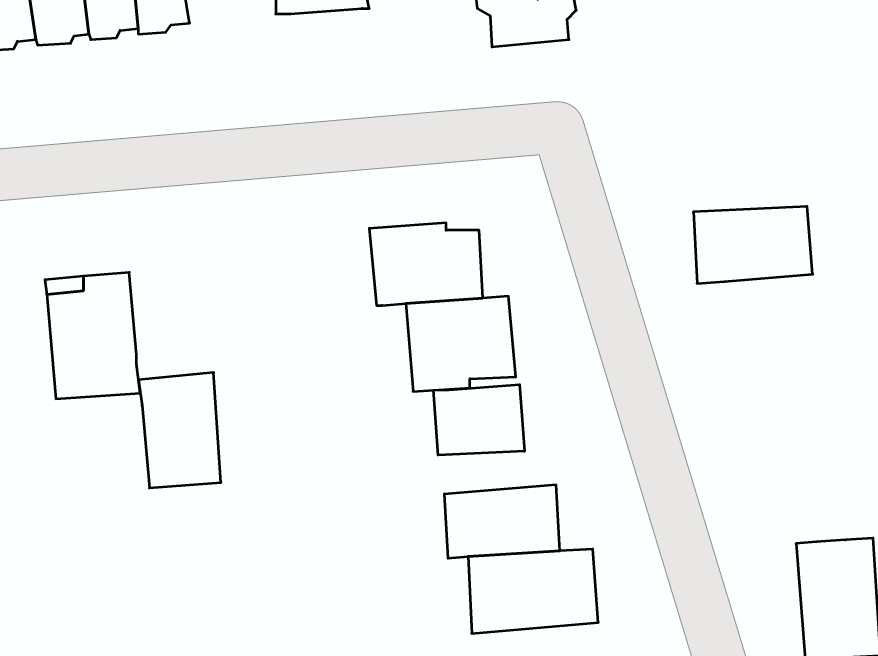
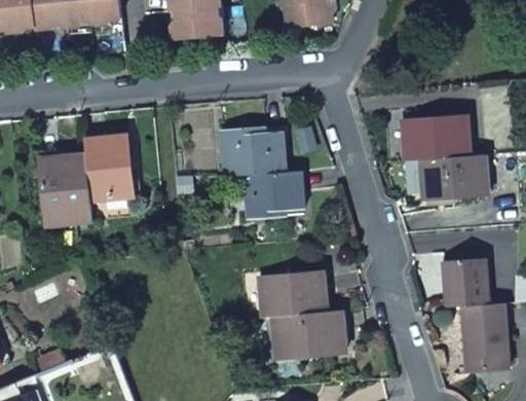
building: none -> [171,6,223,38]
building: none -> [420,155,487,195]
building: [138,373,221,488] -> [84,136,130,200]
building: [433,385,524,455] -> none
building: none -> [441,259,488,307]

